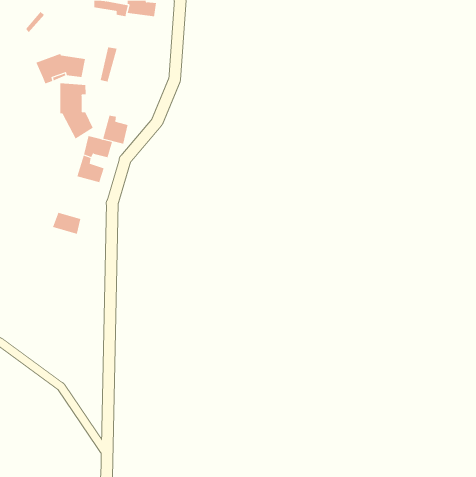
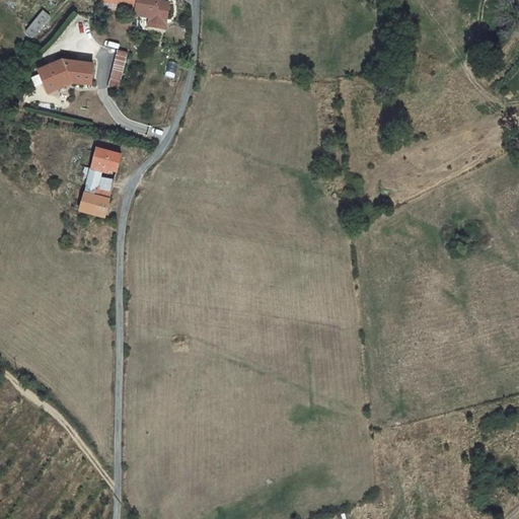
building: [60,83,94,140] -> none
building: [102,115,128,145] -> none
building: [52,212,81,235] -> [77,192,108,216]

